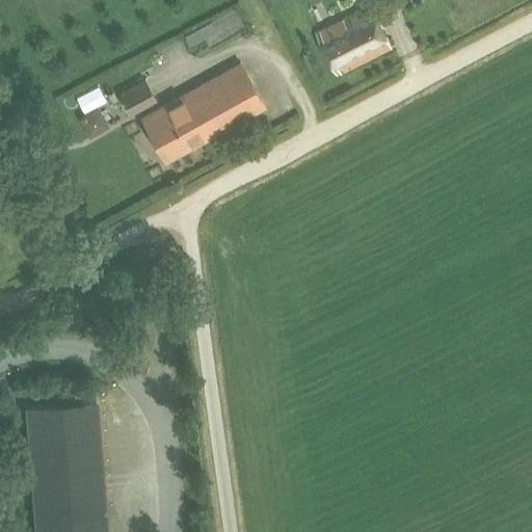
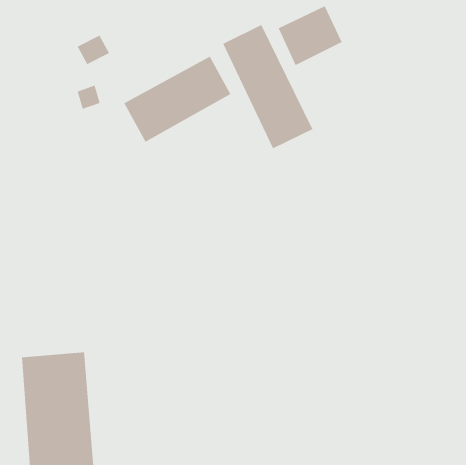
building: none -> [223,24,313,149]
building: [118,81,156,115] -> [77,35,110,65]

